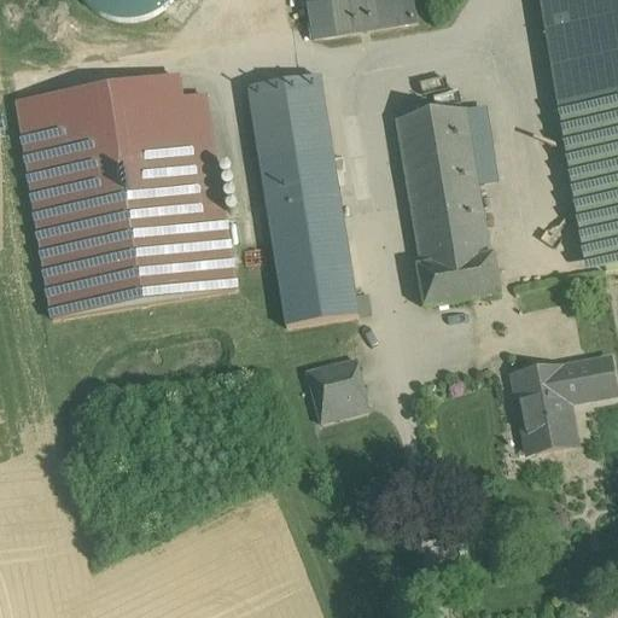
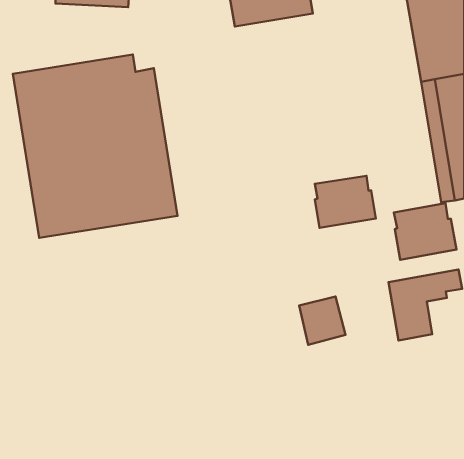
building: [247,72,358,323] -> none
building: [396,101,495,244] -> none
building: none -> [394,203,456,260]
building: [307,357,368,421] -> [299,297,346,345]

